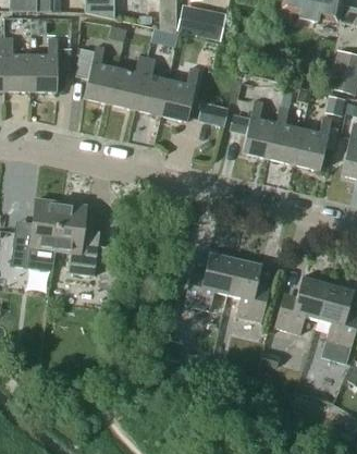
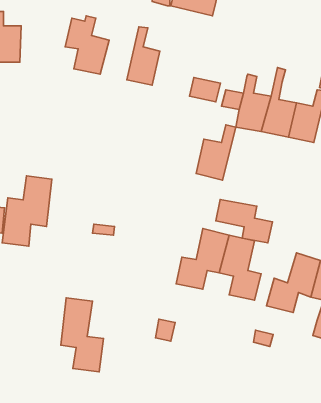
building: [29,35,71,87] -> none
building: [109,50,147,105] -> none
building: [160,62,199,116] -> [196,125,236,180]
building: [56,203,98,275] -> [61,298,104,372]
building: none -> [216,200,272,243]

